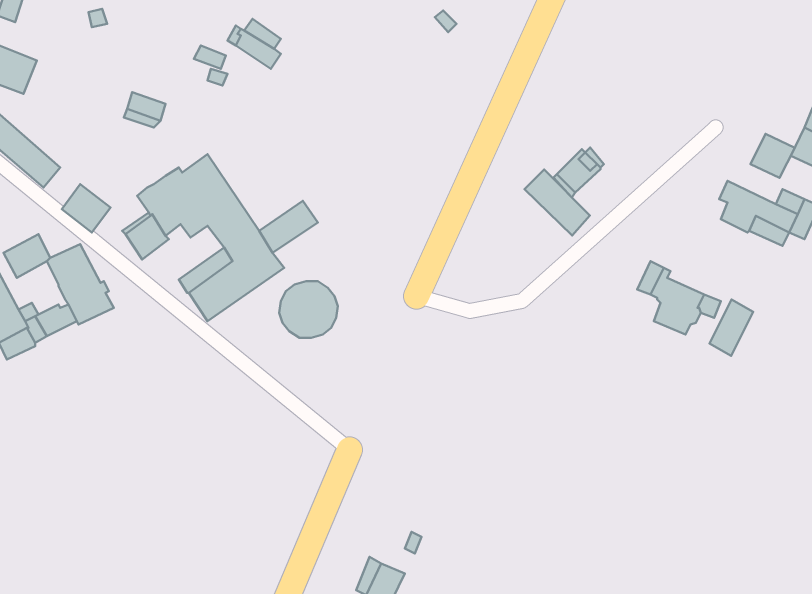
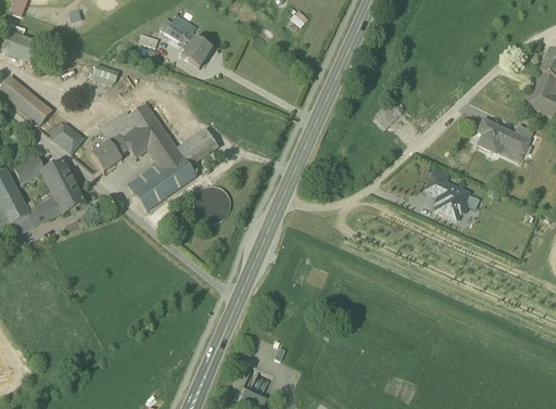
building: none -> [181,36,212,67]
building: [750,134,795,178] -> none
building: [524,170,590,235] -> none
building: [710,300,753,356] -> none

